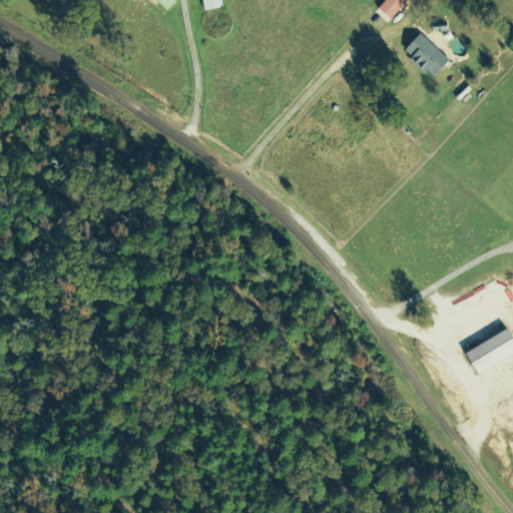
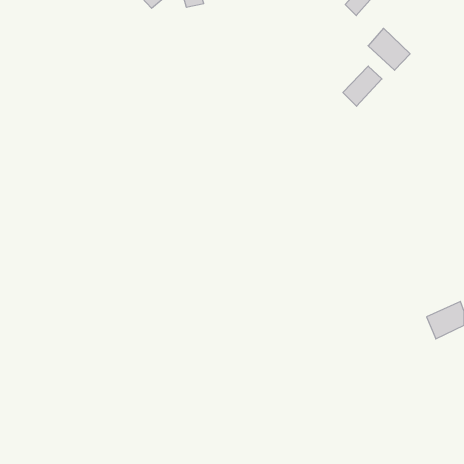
building: none -> [343,66,382,106]

